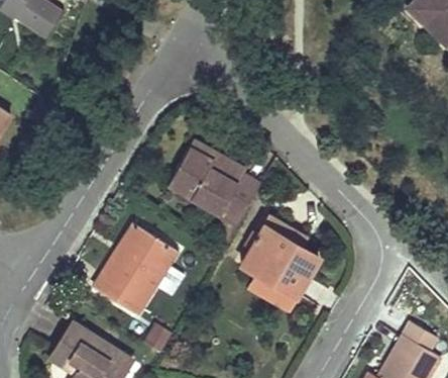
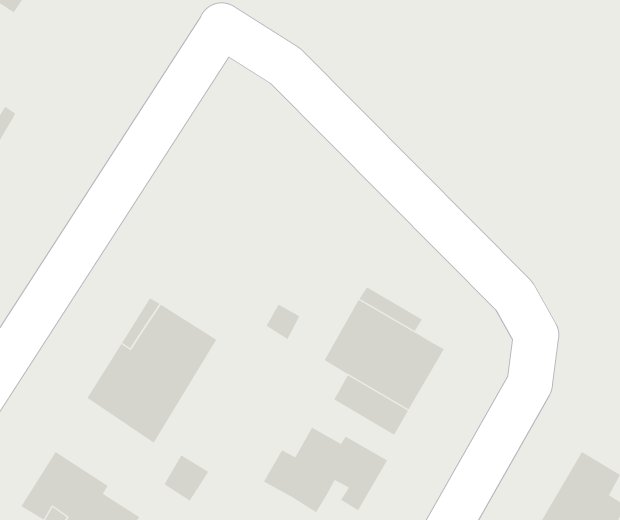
building: [167,139,260,223] -> none
building: none -> [263,427,388,513]

